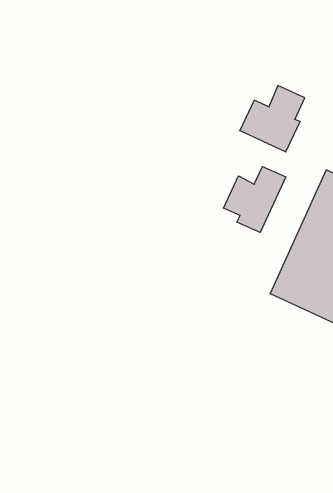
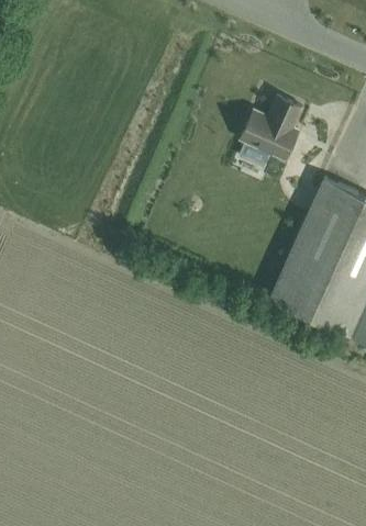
building: [224,167,286,232] -> none

